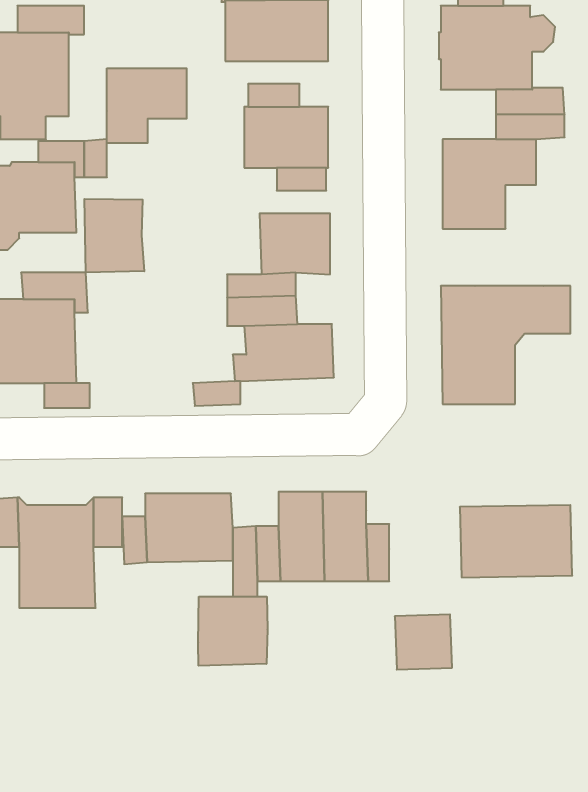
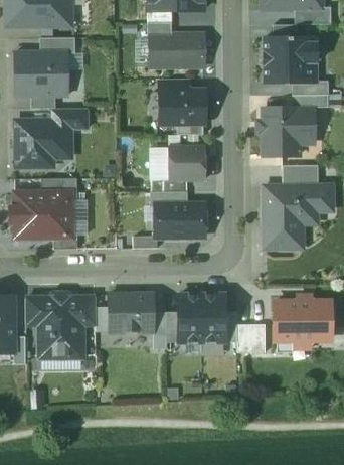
building: [107,68,187,143] -> none
building: [84,199,144,273] -> none
building: none -> [282,165,318,185]
building: [198,597,267,666] -> none
building: [395,614,452,670] -> [236,323,267,352]

